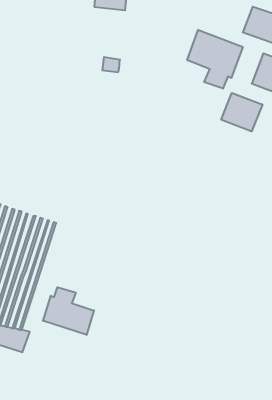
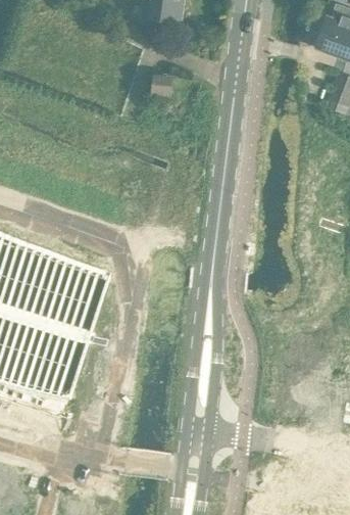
building: [187,30,243,89] -> none
building: [221,93,262,131] -> none
building: [43,287,94,335] -> none

